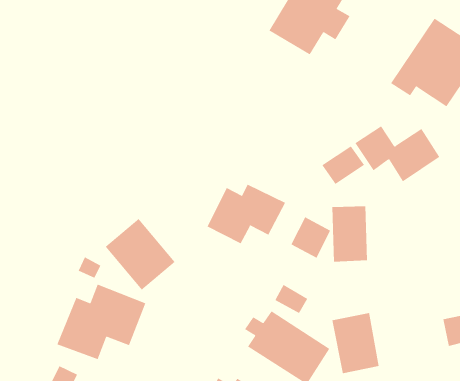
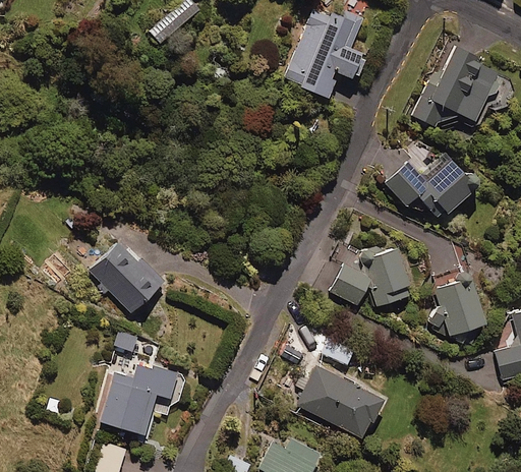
building: [321,145,365,185] -> none
building: [207,184,286,244] -> none
building: [105,218,175,291] -> [89,239,163,313]
building: [331,313,380,374] -> [430,270,485,336]

